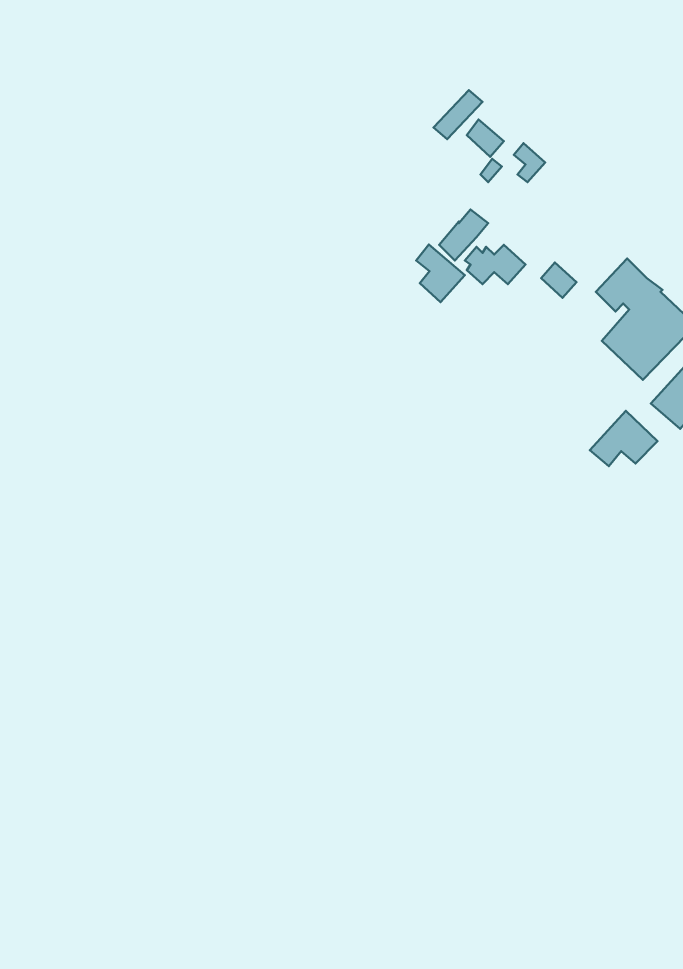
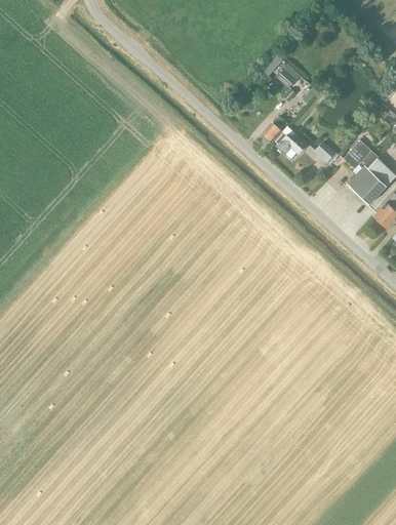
building: [416,244,465,302] -> none
building: [590,411,658,466] -> none

